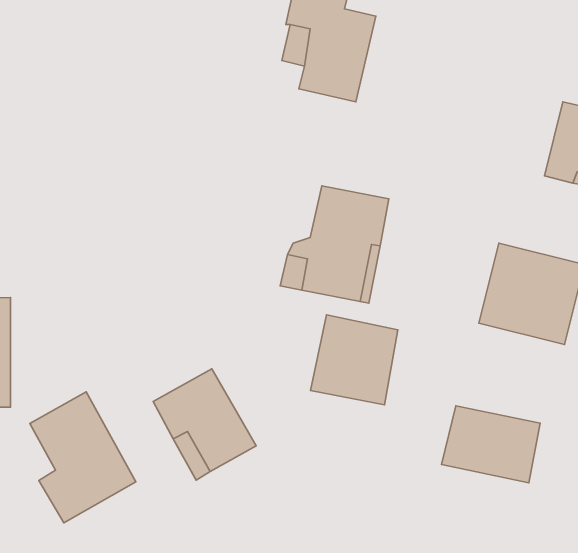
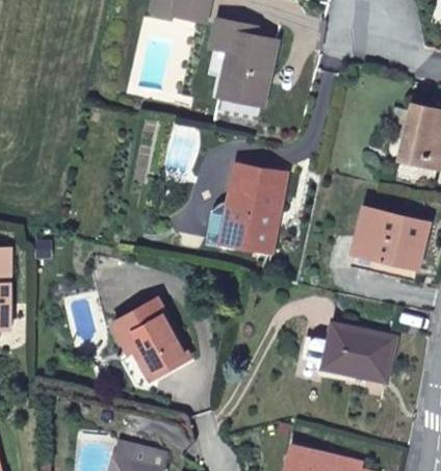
building: [311,315,398,405] -> none
building: [30,392,136,523] -> none

